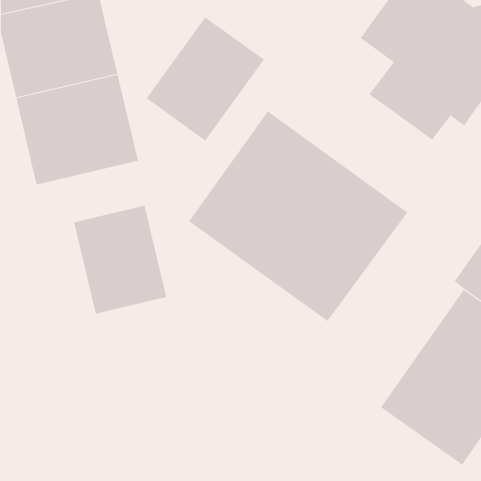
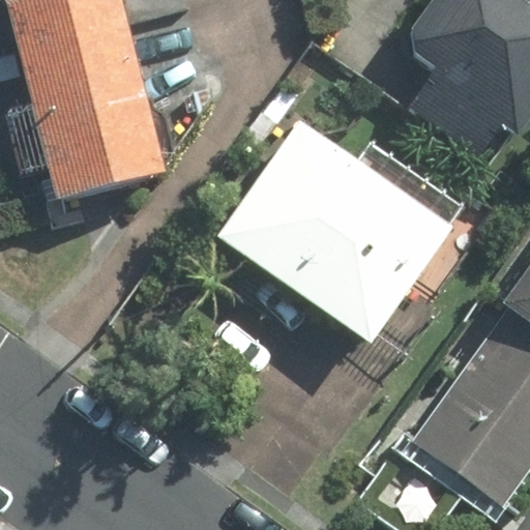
building: [146,16,265,141] -> none
building: [74,205,167,315] -> none

